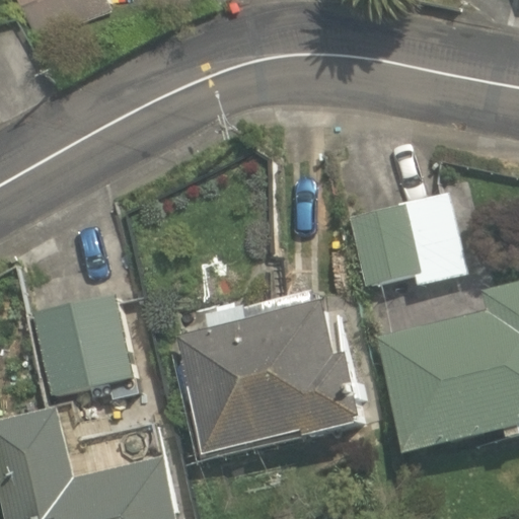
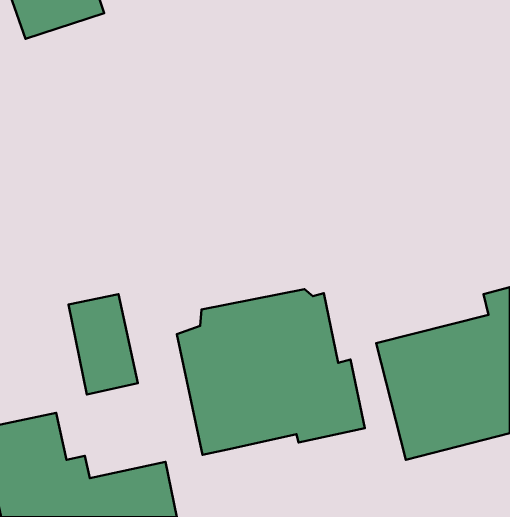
building: [345,194,464,289] -> none

